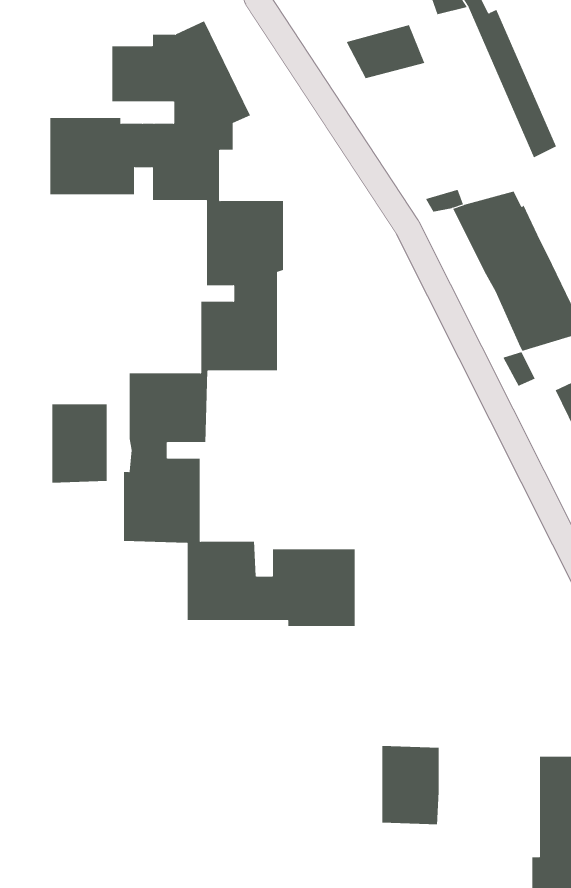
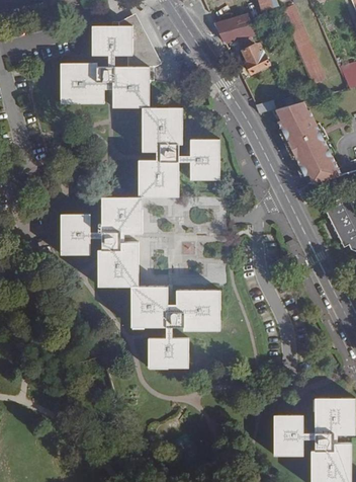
building: none -> [238,37,269,75]
building: none -> [190,140,219,180]
building: none -> [148,338,188,368]
building: [382,745,440,825] -> [273,414,303,456]

